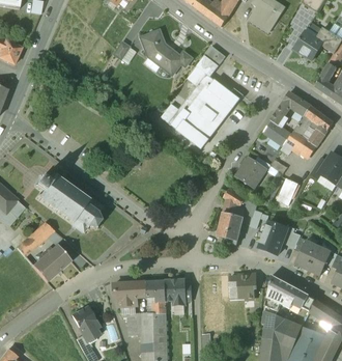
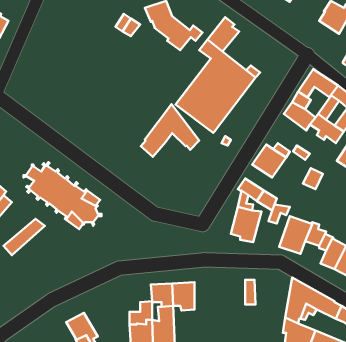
building: none -> [141,104,199,157]
building: [33,245,72,281] -> none
building: [237,274,255,299] -> none
building: [113,281,147,306] -> none

